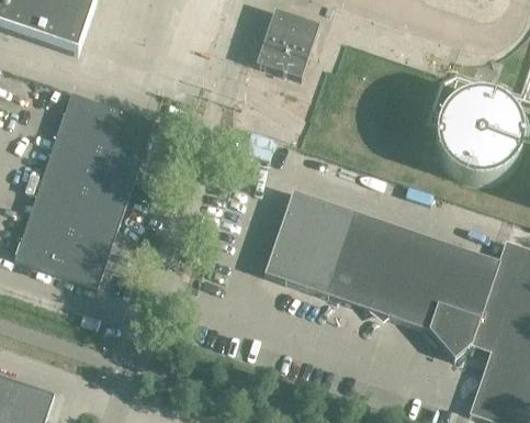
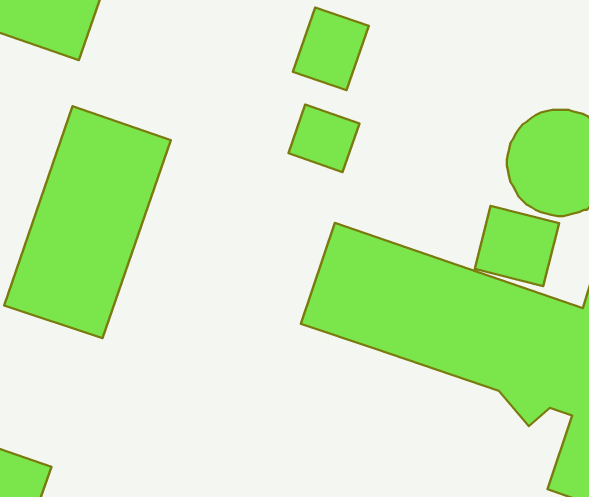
building: none -> [288,105,359,172]
building: none -> [475,206,559,286]

